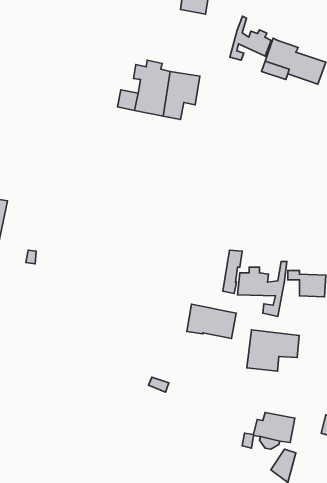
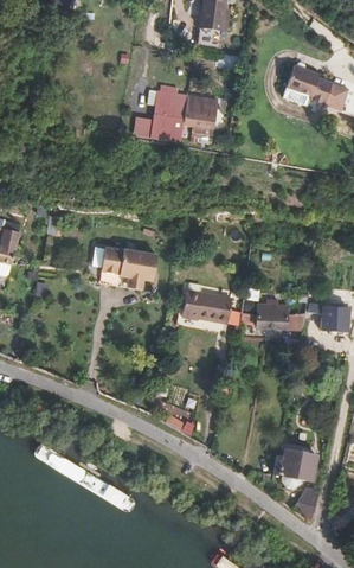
building: [230,16,271,60] -> none
building: none -> [103,247,159,289]
building: [187,304,236,339] -> [181,287,232,323]
building: [247,330,299,371] -> none

